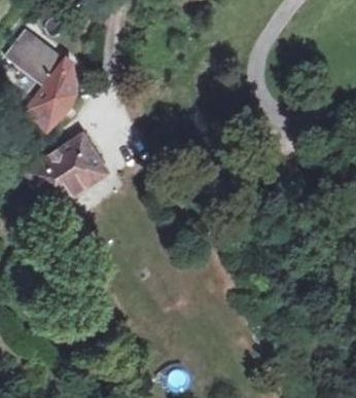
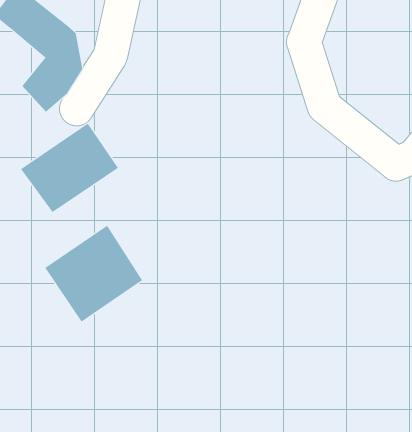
building: none -> [44,225,143,323]

